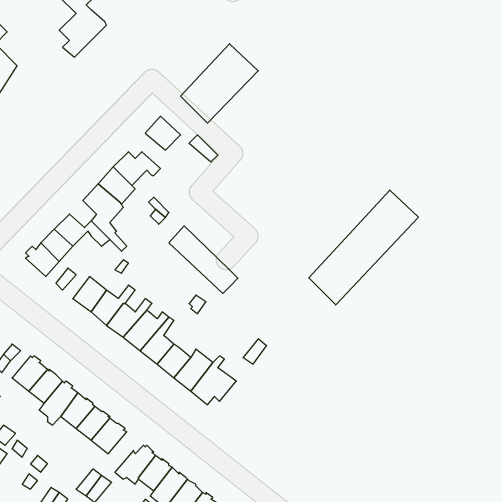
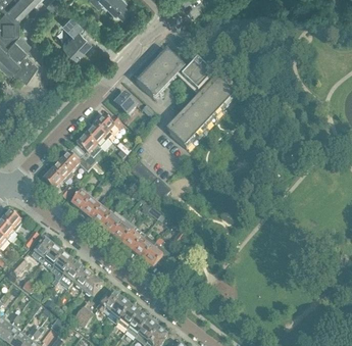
building: none -> [182,59,213,92]
building: [309,190,418,305] -> [169,80,236,149]

